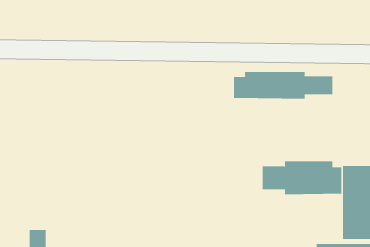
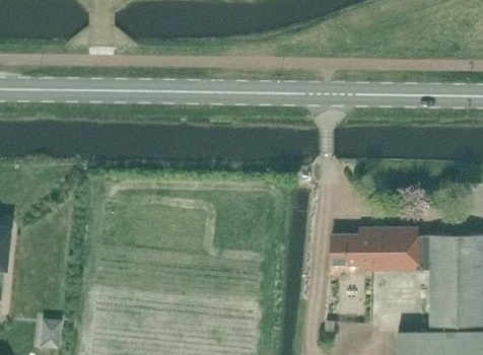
building: [233,71,333,99] -> none

